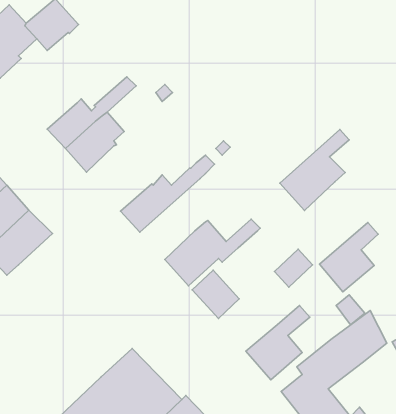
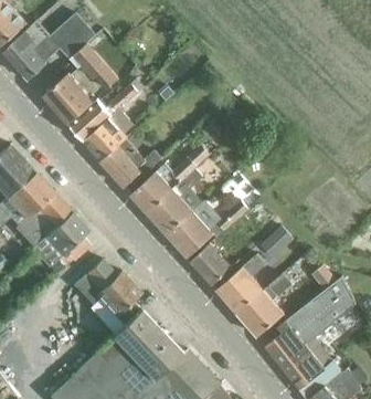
building: none -> [68,42,118,88]
building: none -> [44,73,94,124]
building: [280,129,349,210] -> [147,166,205,234]
building: none -> [102,138,161,190]
building: [319,222,378,292] -> [216,253,266,312]
building: none -> [33,212,91,267]
building: none -> [74,260,141,334]

